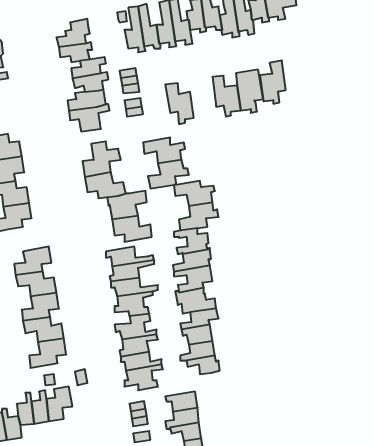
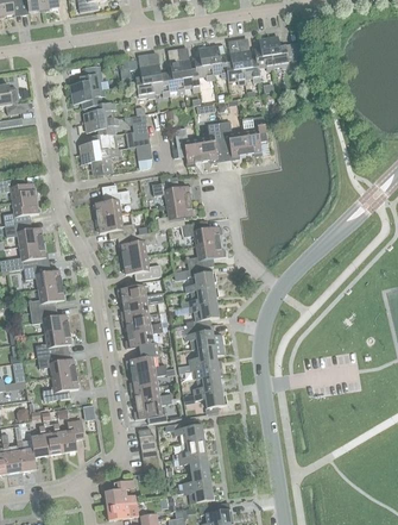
building: [260,60,286,104] -> [197,121,222,163]
building: none -> [23,264,62,289]

